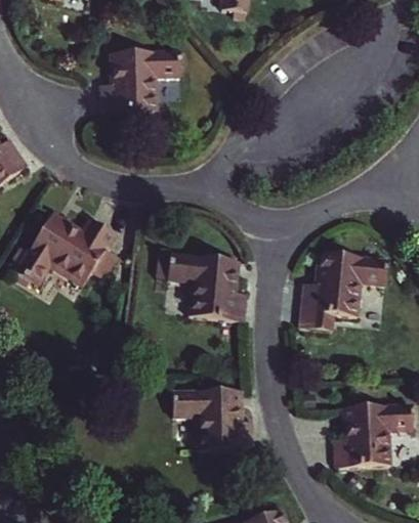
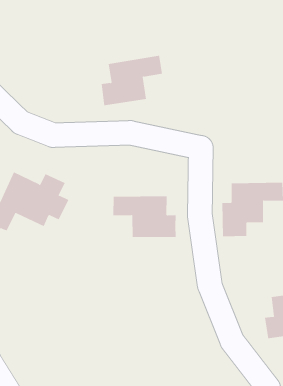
building: [97,55,175,110] -> [101,55,163,106]
building: [172,388,252,439] -> none

